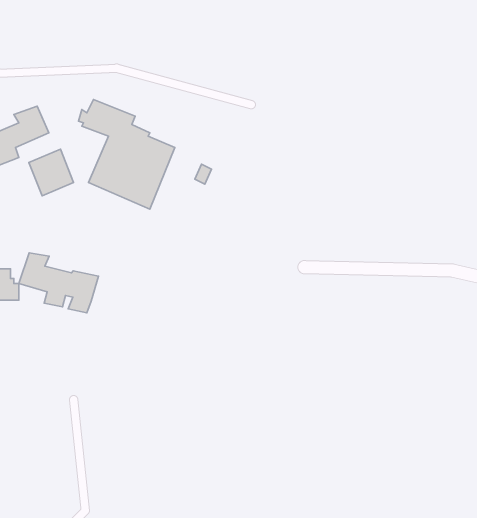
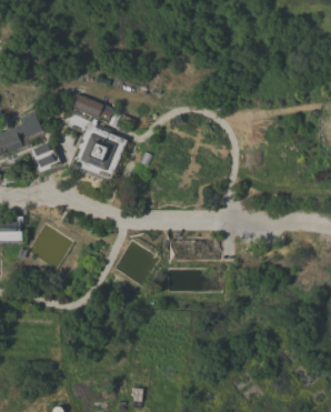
building: none -> [72,94,112,119]
building: [19,253,99,313] -> none

